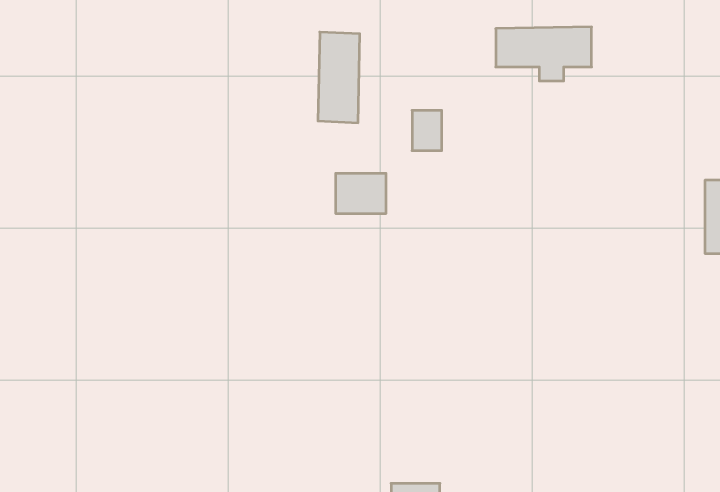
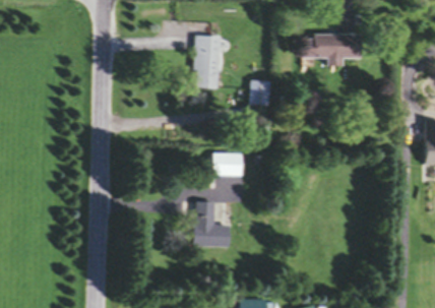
building: [336,173,386,213] -> [213,152,243,176]
building: none -> [195,201,231,248]

